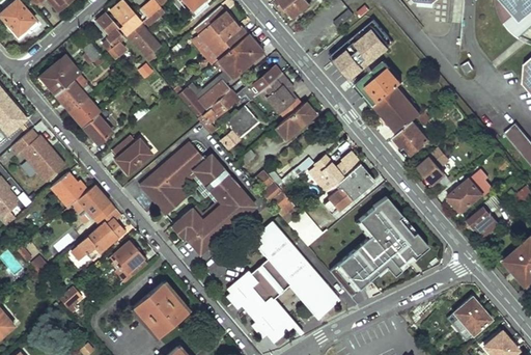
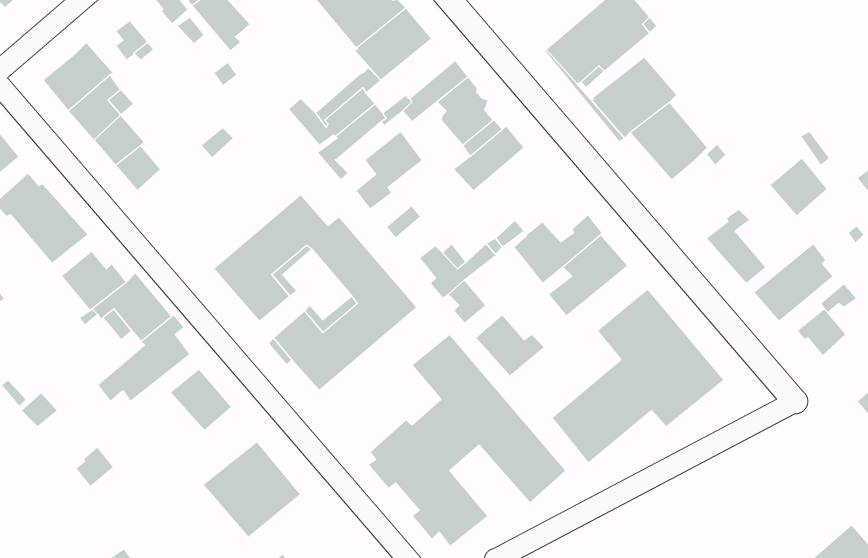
building: [394,122,427,156] -> [769,158,828,216]
building: [111,135,150,174] -> none
building: [453,297,491,335] -> none

